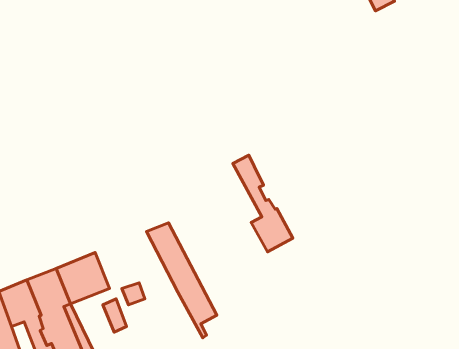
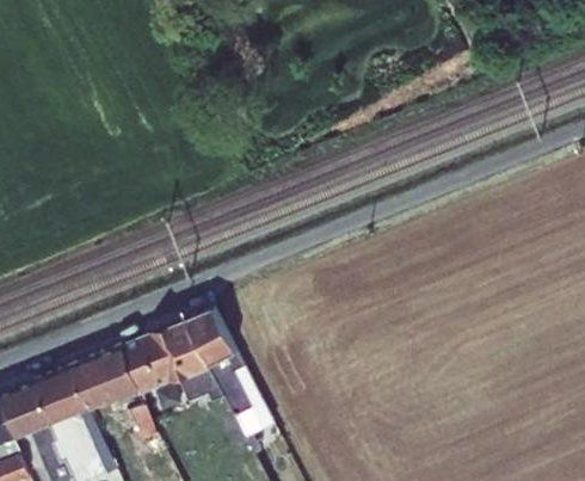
building: [233,155,293,252] -> none
building: none -> [121,320,224,402]

